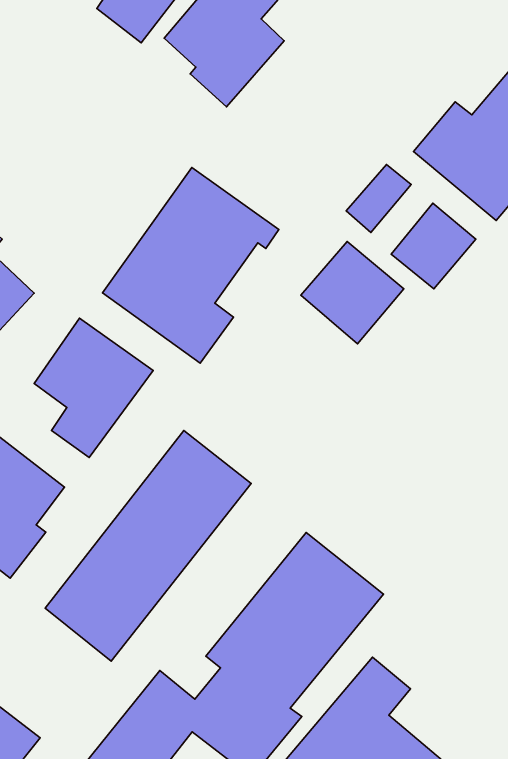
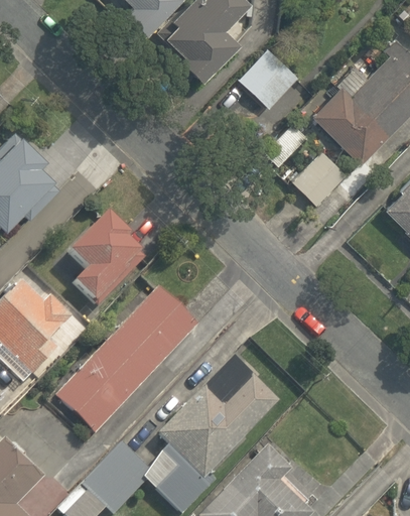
building: none -> [239,47,297,106]
building: [102,167,279,363] -> none
building: [301,242,404,344] -> none

